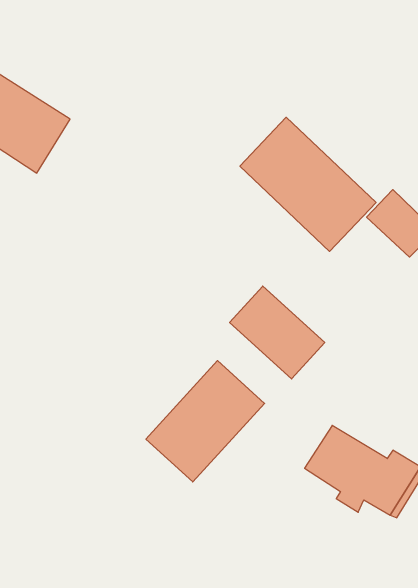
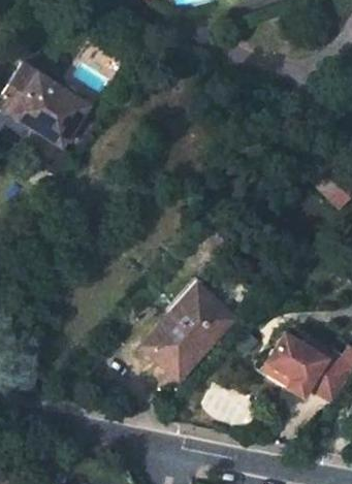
building: [240,117,376,251] -> none
building: [230,286,325,379] -> none

